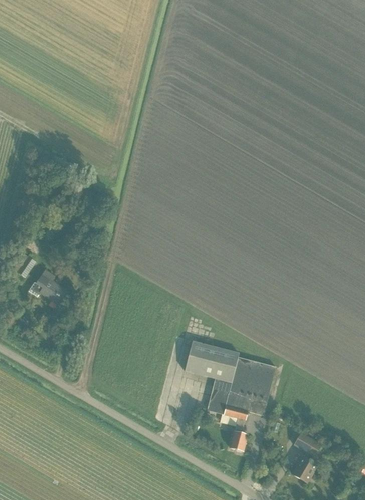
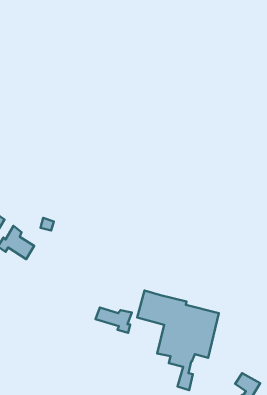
building: none -> [96,308,132,333]

